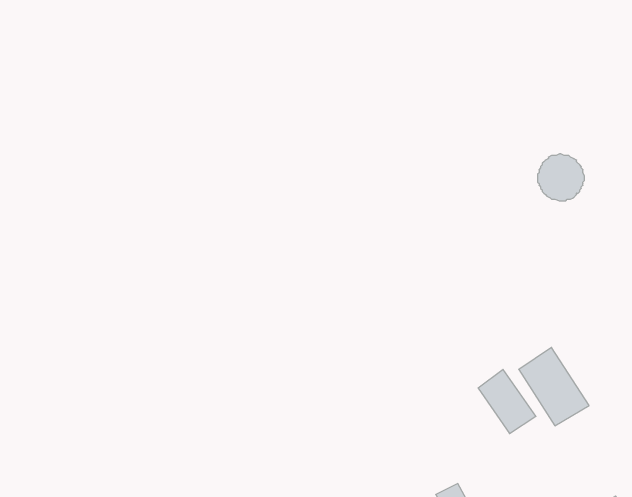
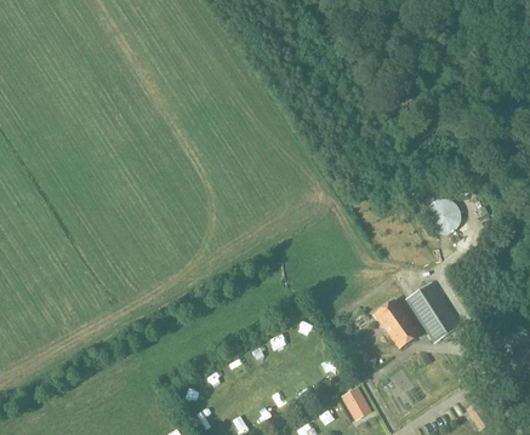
building: [538,154,584,201] -> [424,198,461,234]

